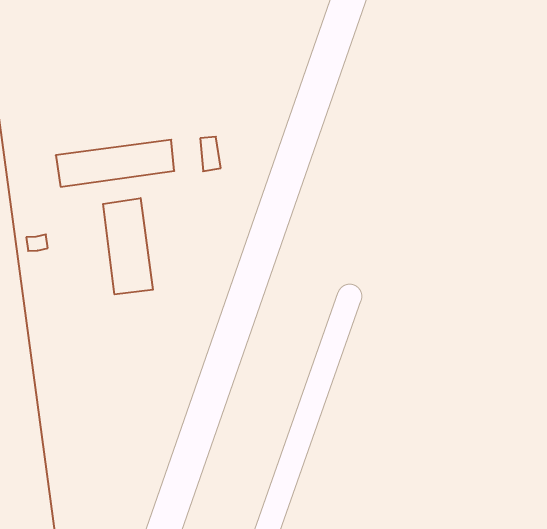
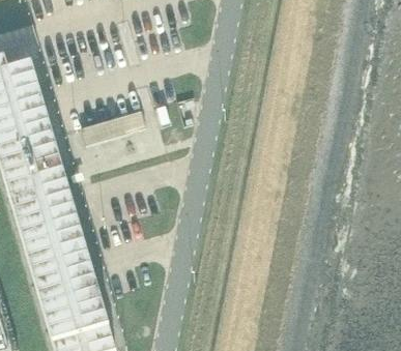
building: [103,198,153,294] -> none

